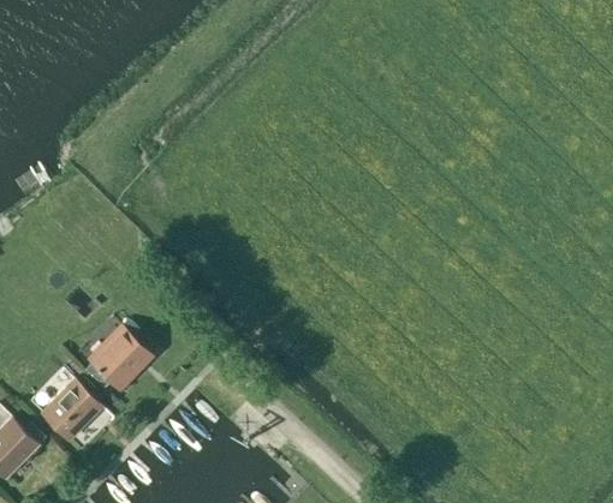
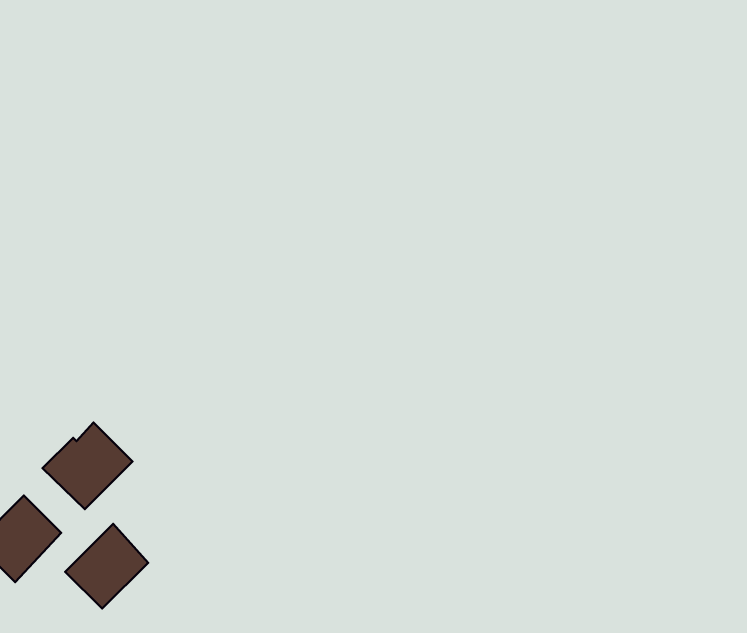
building: none -> [65,524,148,609]

